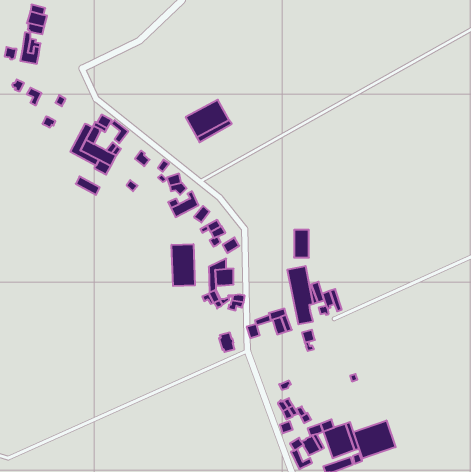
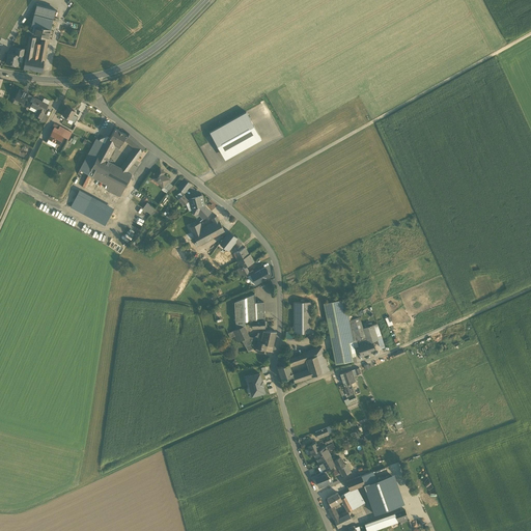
building: none -> [69,190,108,225]
building: [294,230,309,258] -> [294,302,310,333]
building: [172,244,195,286] -> none
building: [353,420,396,459] -> none

